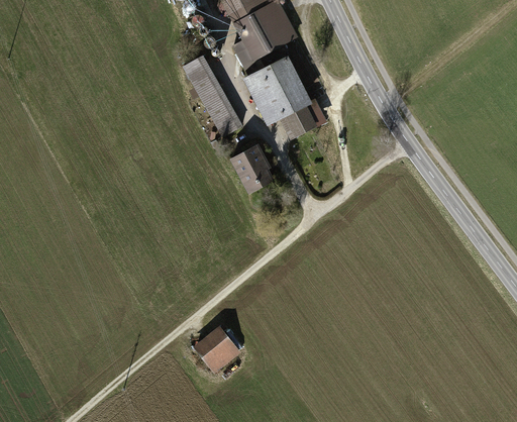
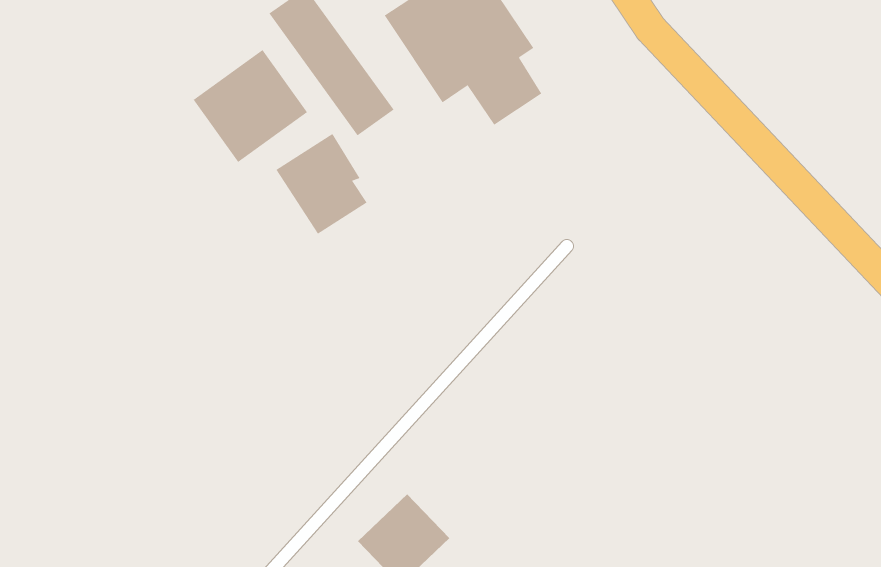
building: none -> [193,49,308,163]
building: [229,142,275,194] -> [276,133,368,234]

